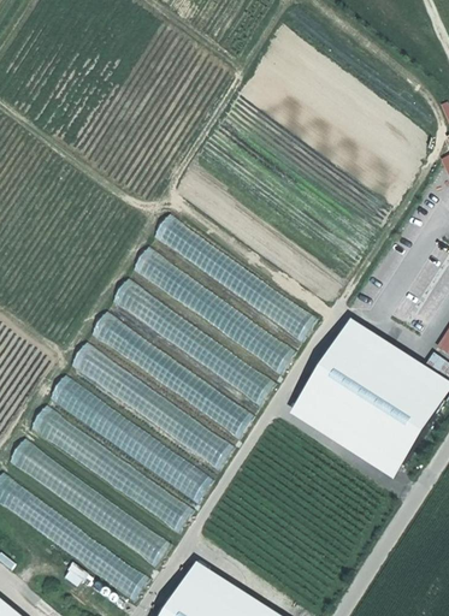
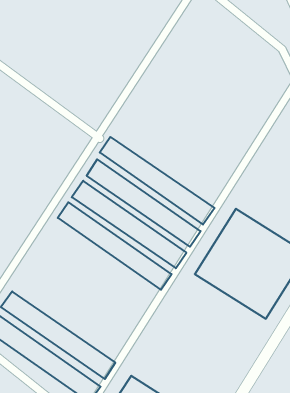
building: [69,342,236,469] -> none
building: [48,374,214,502] -> none
building: [28,405,195,533] -> none

